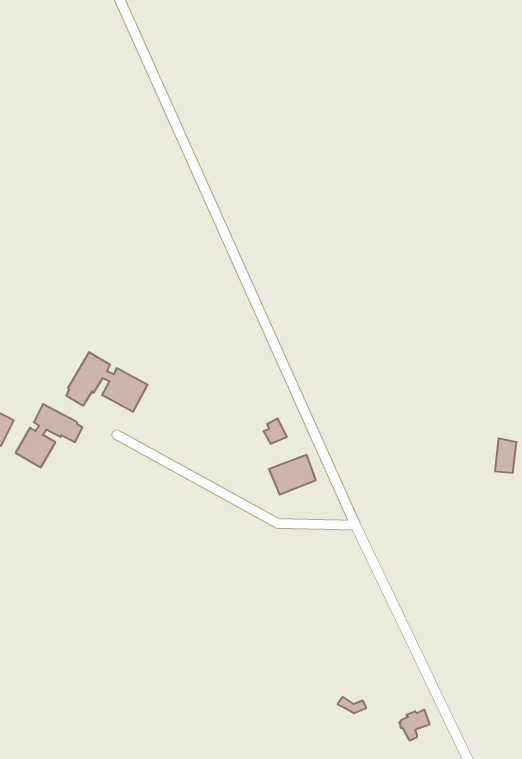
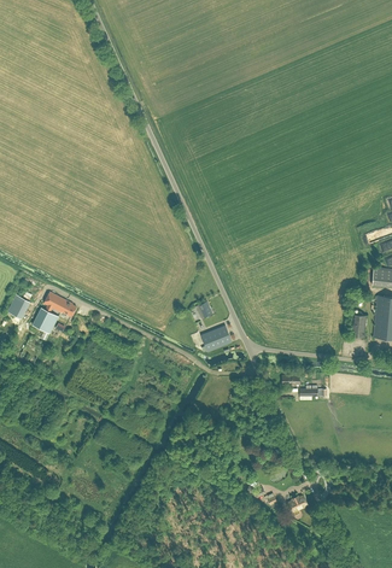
building: [66,352,148,412] -> none

